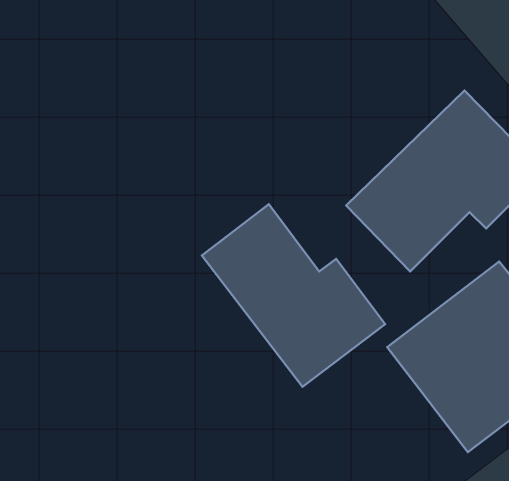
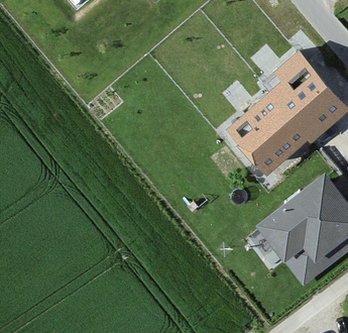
building: [202,204,385,387] -> none

